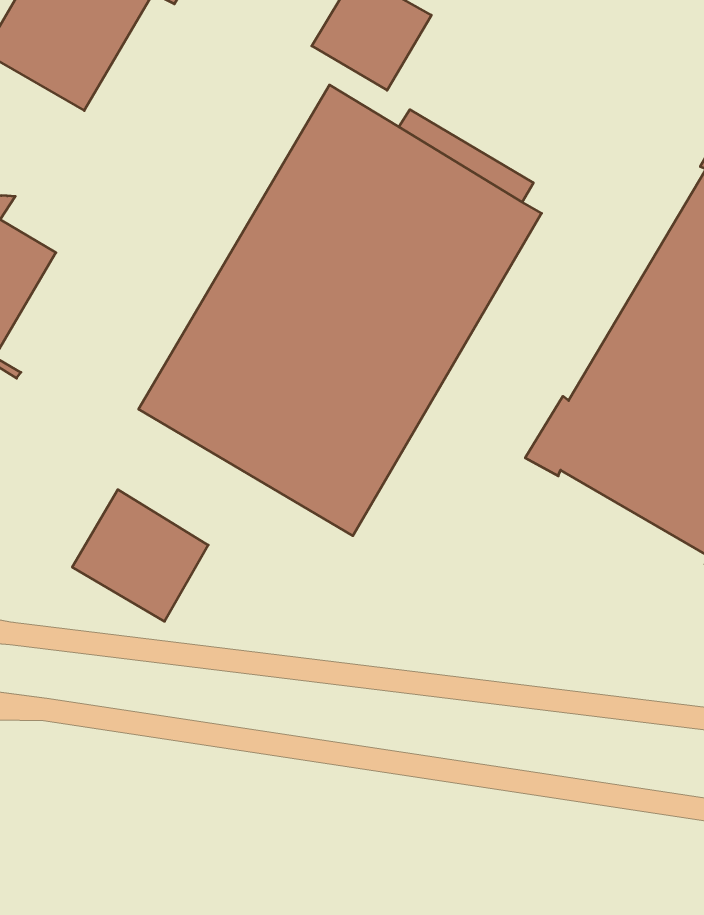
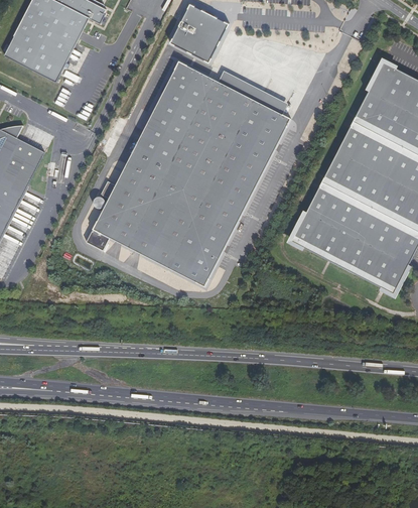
building: [72,490,208,621] -> none

